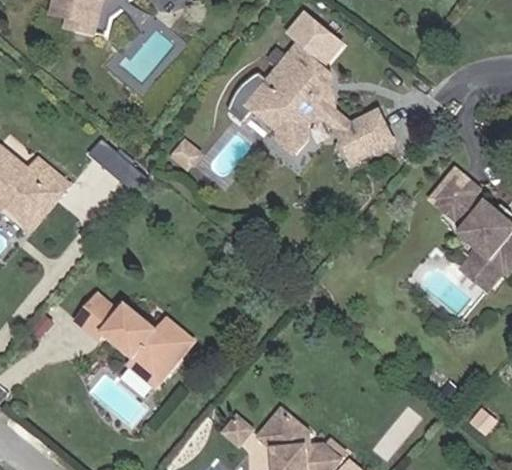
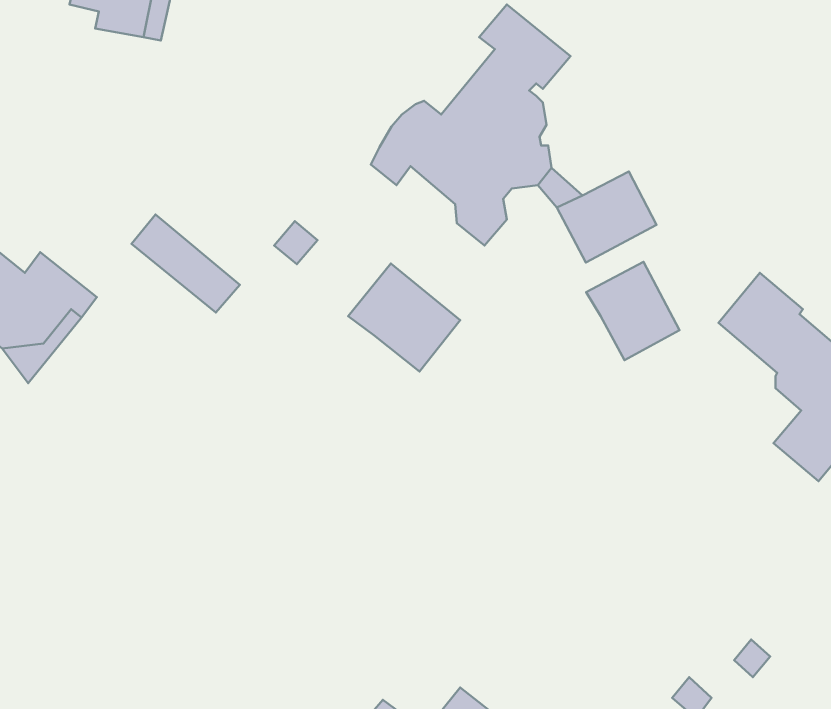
building: none -> [586,262,680,360]
building: none -> [348,264,460,371]
building: [73,294,195,389] -> none

